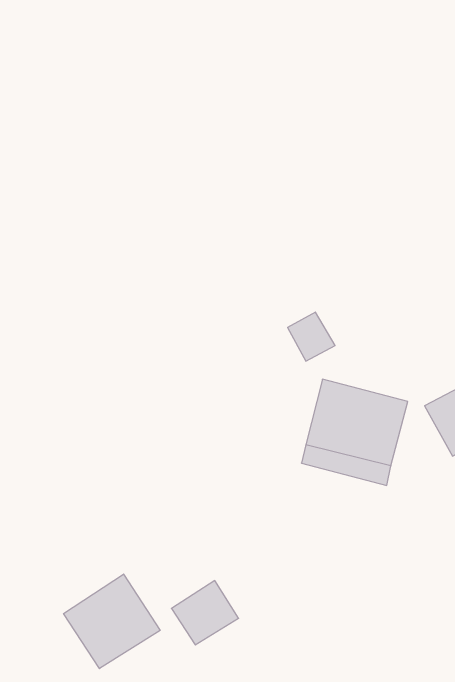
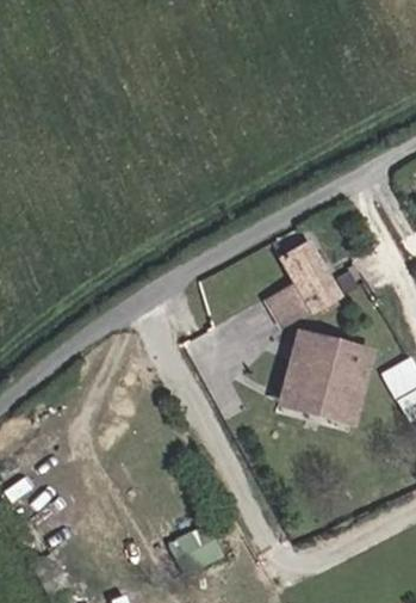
building: none -> [279,239,334,306]
building: [64,574,160,669] -> none

